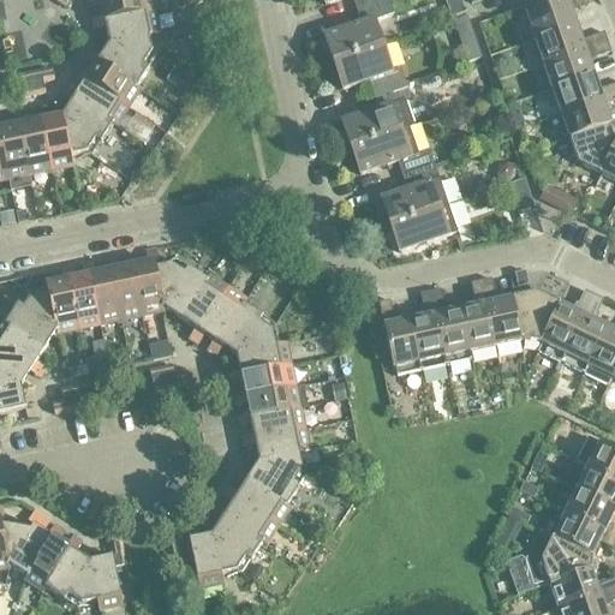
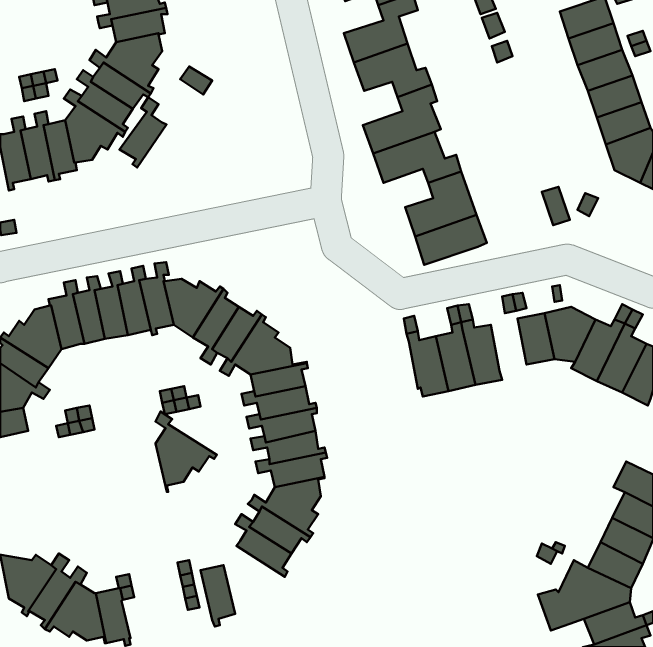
building: none -> [120,97,167,167]
building: [461,299,495,348] -> none
building: [210,501,268,577] -> [155,411,217,492]

